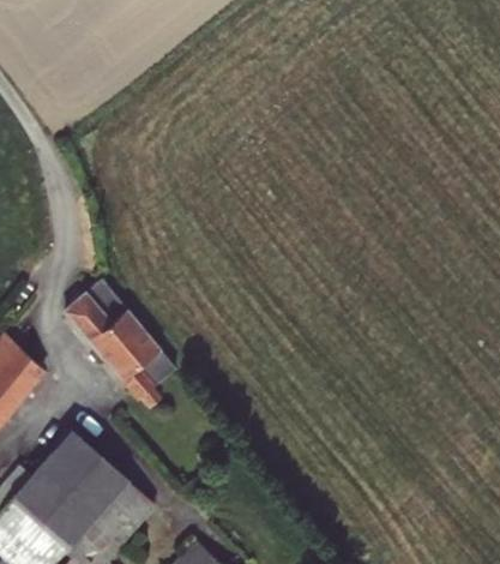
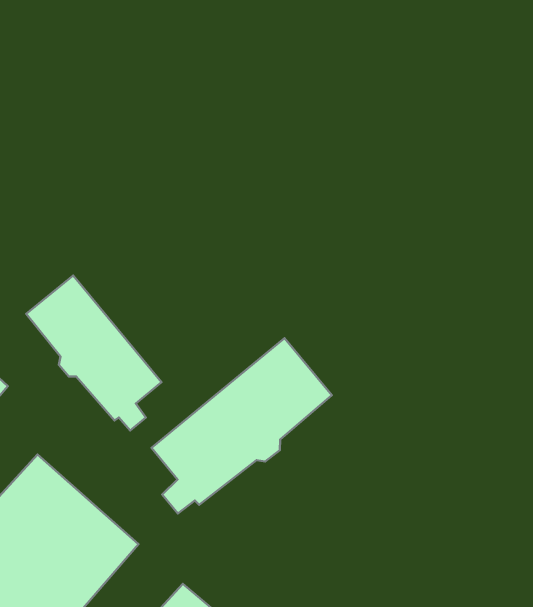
building: none -> [152,338,332,514]

